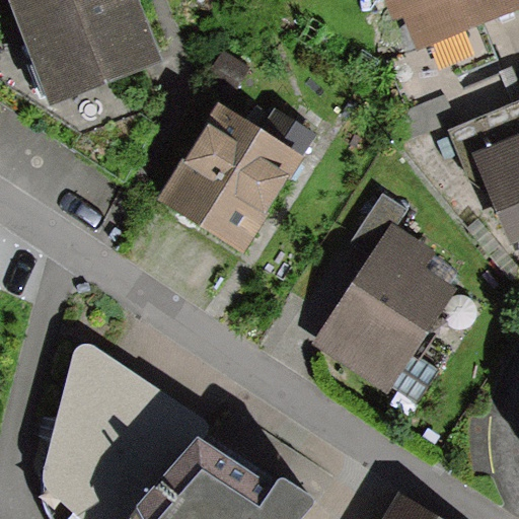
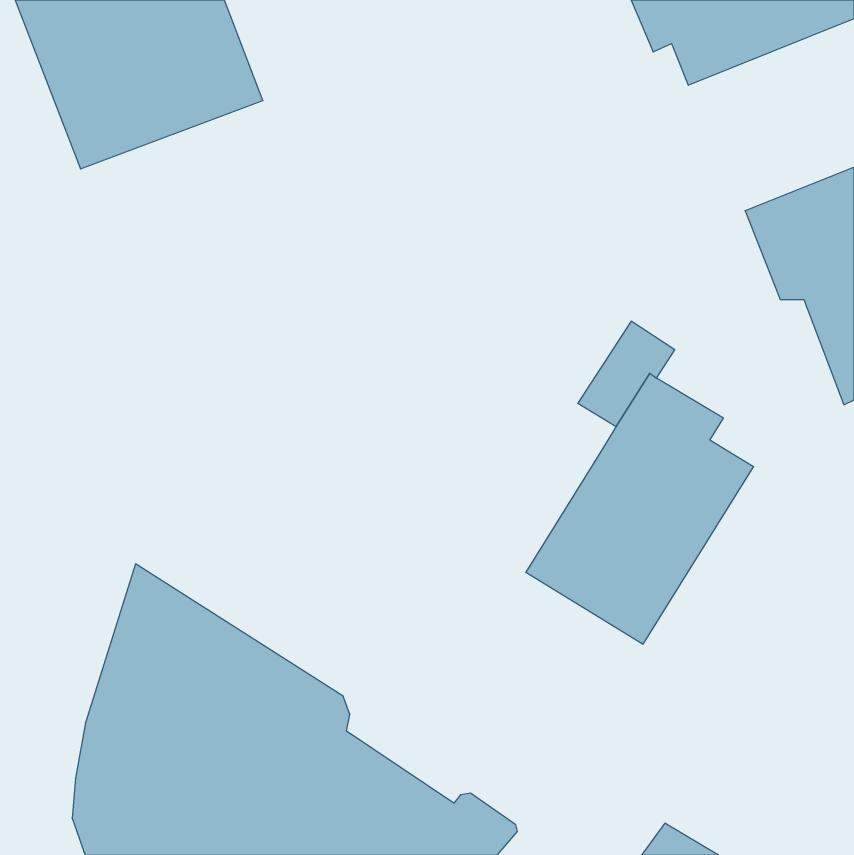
building: [160,104,317,253] -> none

